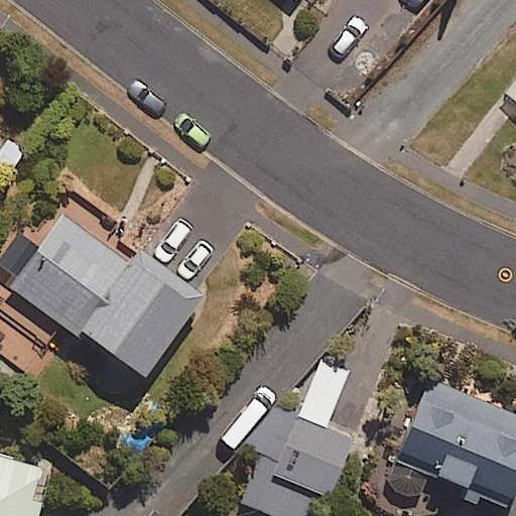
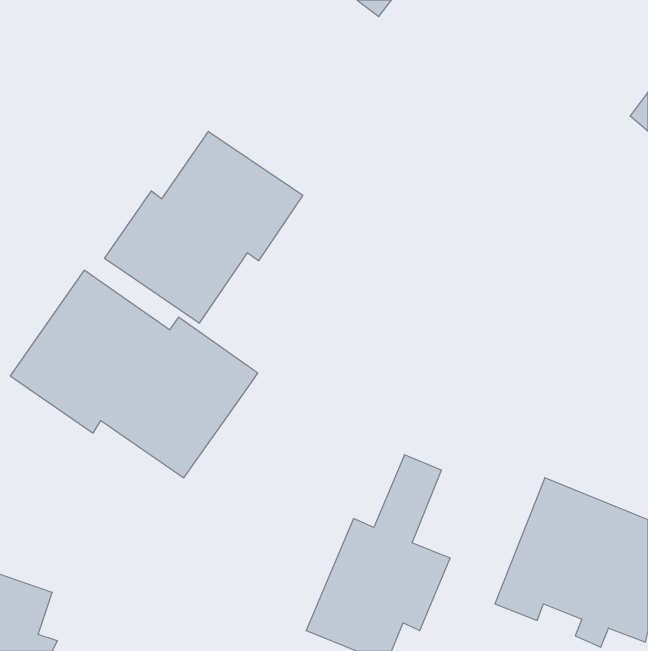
building: none -> [105,131,303,323]

